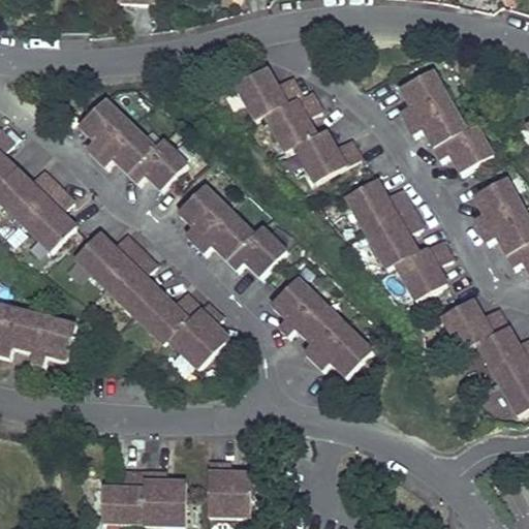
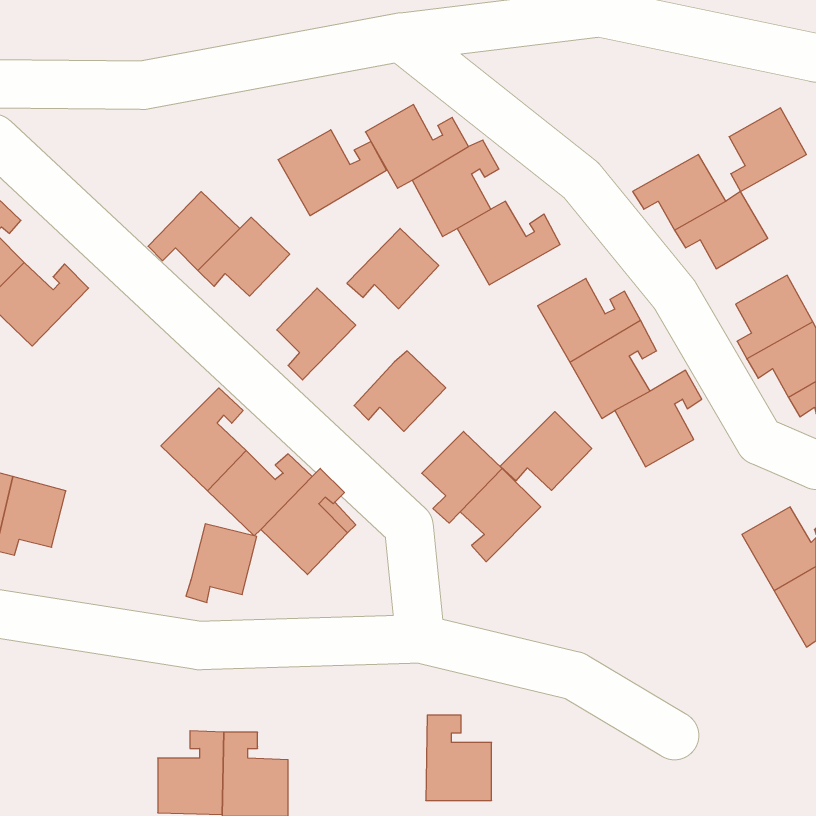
building: [399,69,448,123] -> [729,108,806,192]
building: none -> [278,130,387,216]
building: [77,98,129,158] -> none
building: [21,185,75,251] -> none
building: [194,209,253,260] -> [347,228,439,309]
building: [73,231,141,286] -> none
building: [441,298,507,351] -> none
building: [30,315,75,366] -> [186,524,257,603]
building: [312,325,371,376] -> [500,412,592,490]
building: [207,461,249,516] -> [426,715,492,800]

